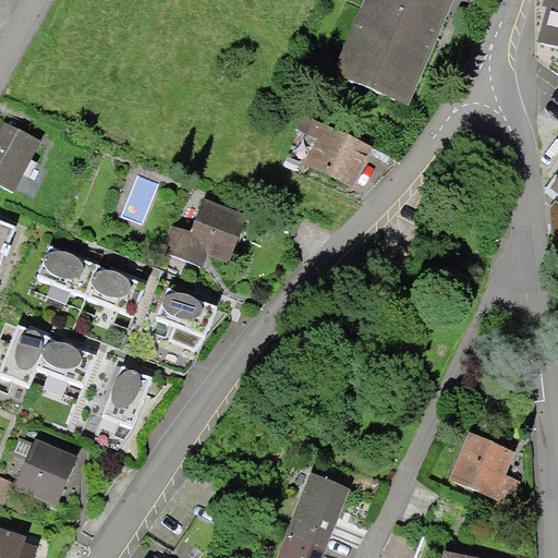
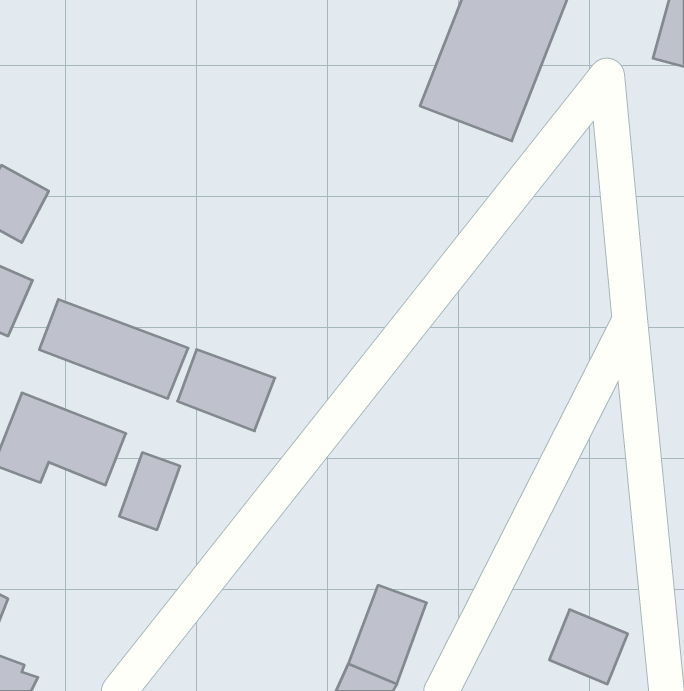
building: [290,113,367,183] -> none
building: [171,199,254,268] -> none
building: [8,437,72,505] -> none
building: [452,439,515,499] -> [549,610,628,684]

